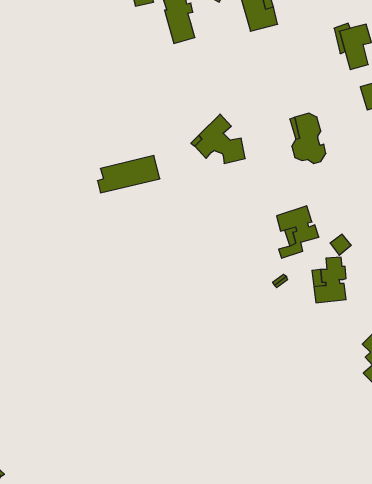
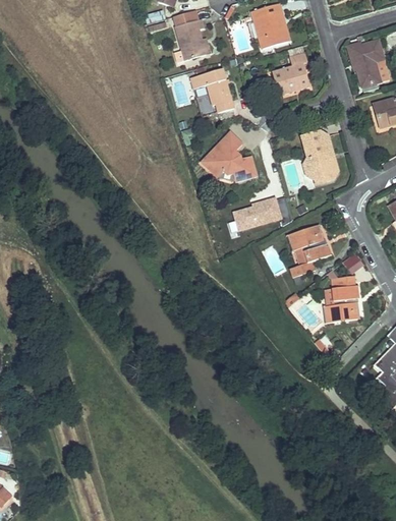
building: none -> [272,53,308,96]
building: none -> [190,69,233,113]
building: [97,156,160,193] -> [227,196,290,234]

